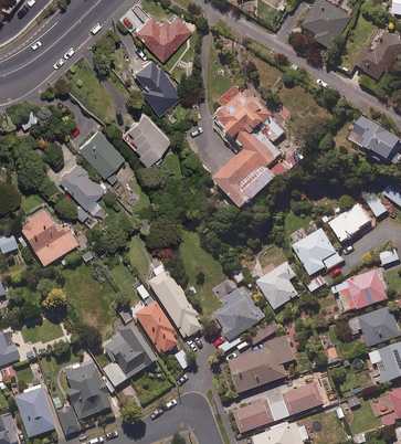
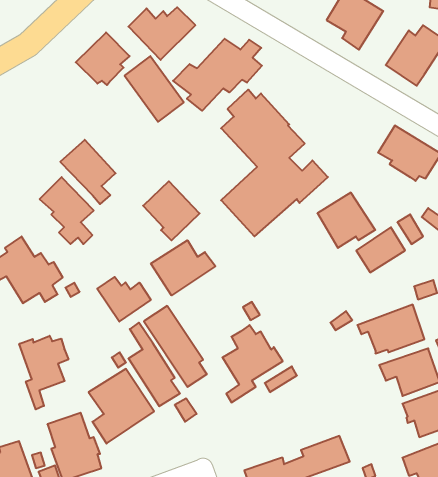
building: none -> [76,32,130,85]
building: none -> [173,39,262,111]
building: [120,112,169,162] -> [143,181,200,240]
building: none -> [151,240,215,295]
building: [293,228,342,275] -> [317,193,375,248]
building: none -> [97,277,151,322]
building: [255,261,298,309] -> none
building: none -> [19,336,68,409]
building: [229,335,296,392] -> none

